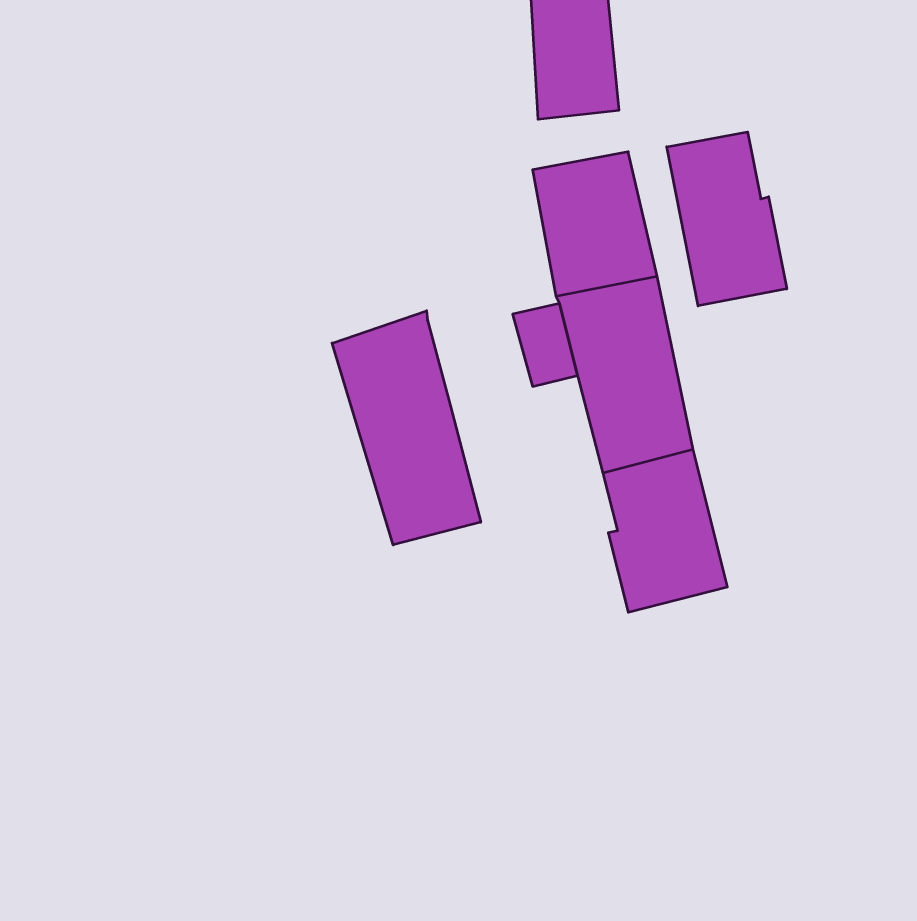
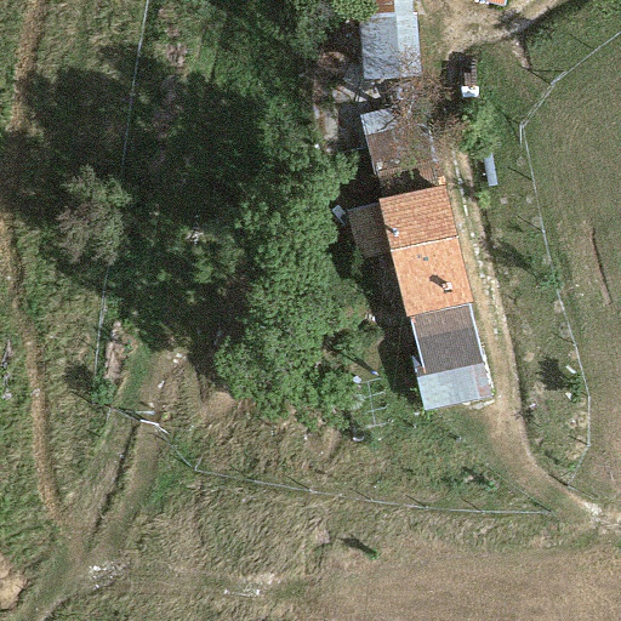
building: [667,132,787,306] -> none
building: [332,311,481,545] -> none

